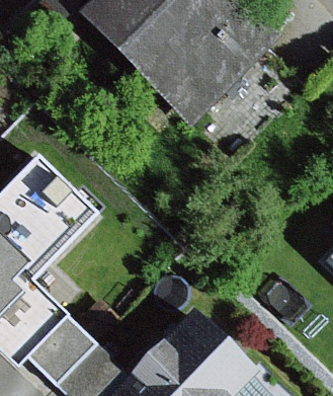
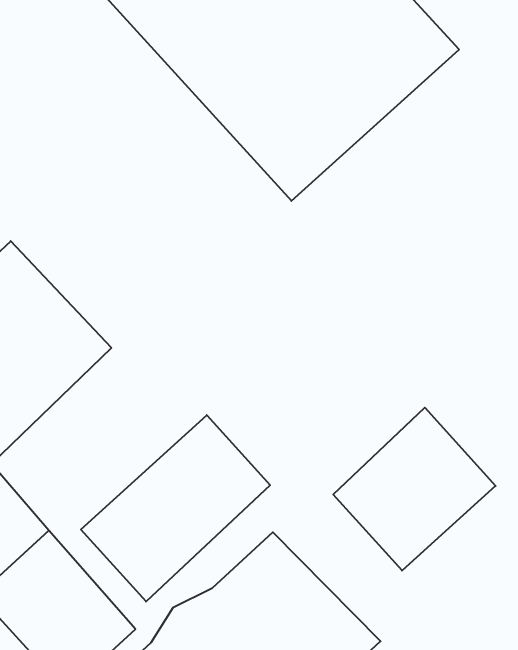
building: none -> [333,408,496,571]
building: none -> [81,415,270,602]

